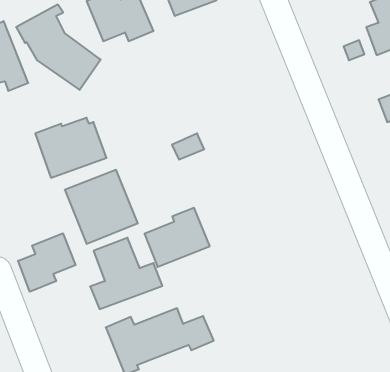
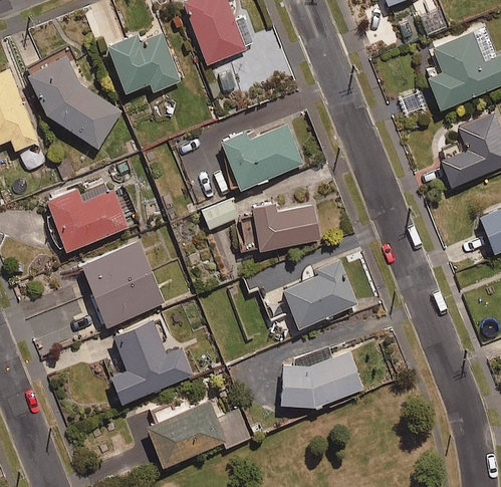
building: none -> [221,126,304,190]
building: none -> [255,206,323,253]
building: [144,208,210,267] -> [283,260,358,328]
building: [18,233,76,292] -> none
building: none -> [281,355,363,407]

